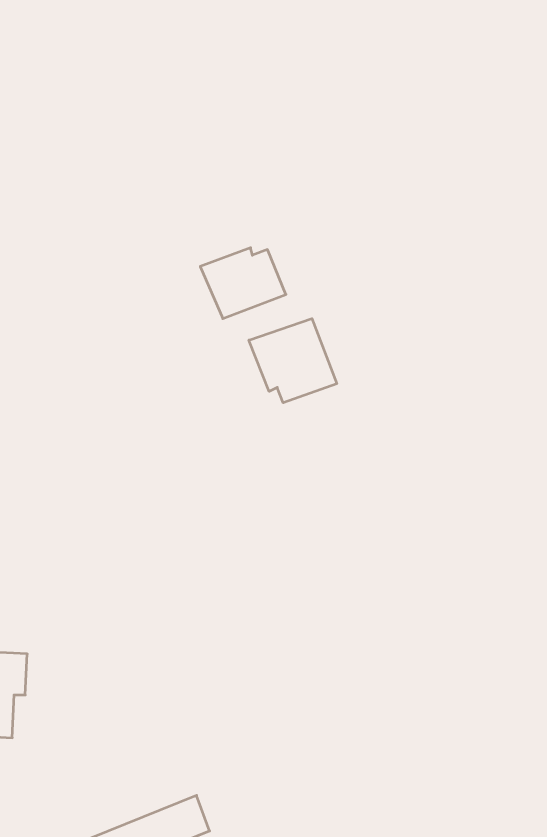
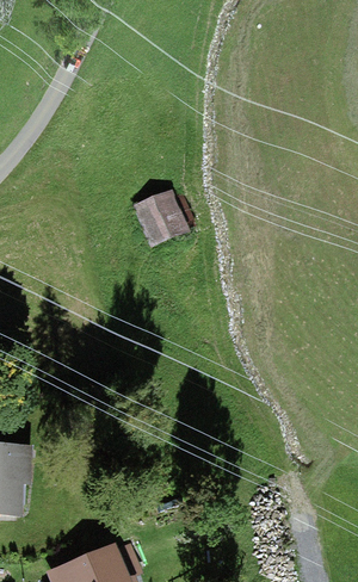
building: [249,319,337,403] -> none

